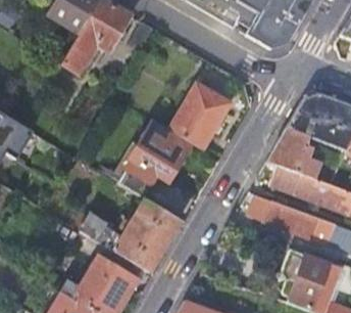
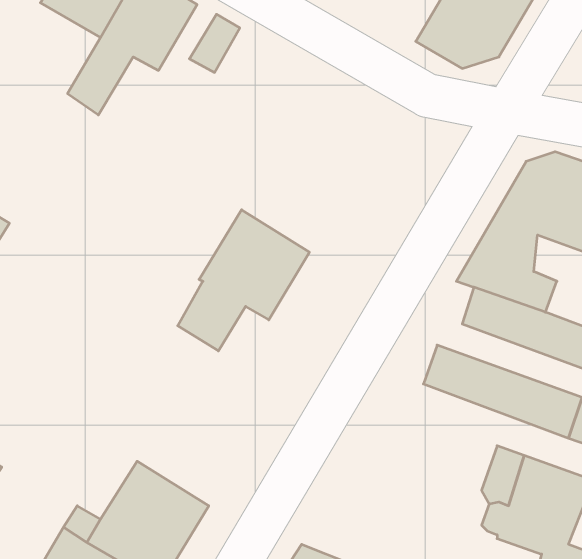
building: [168,83,230,150] -> none
building: [81,199,179,273] -> none

